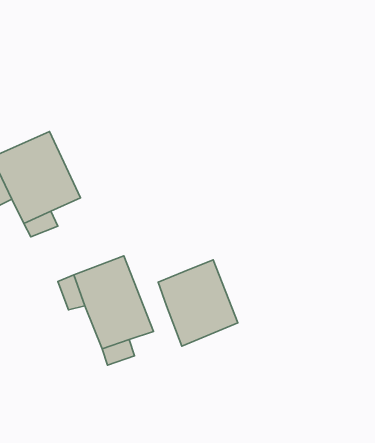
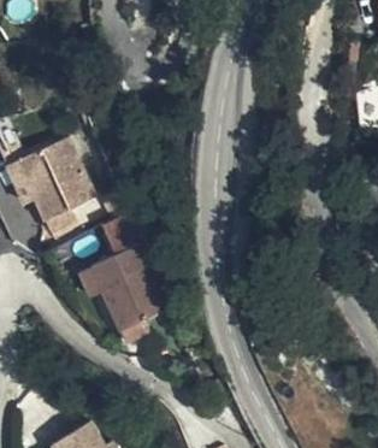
building: [158,260,238,346] -> none

